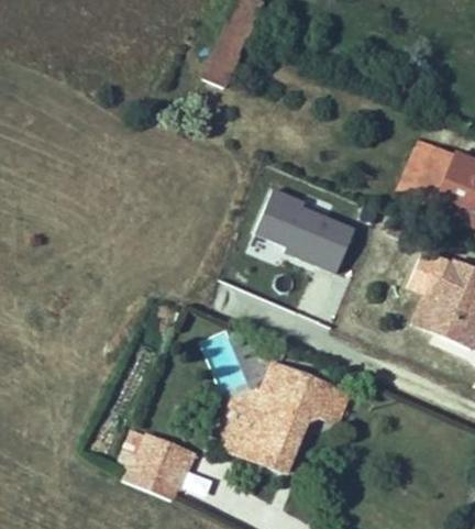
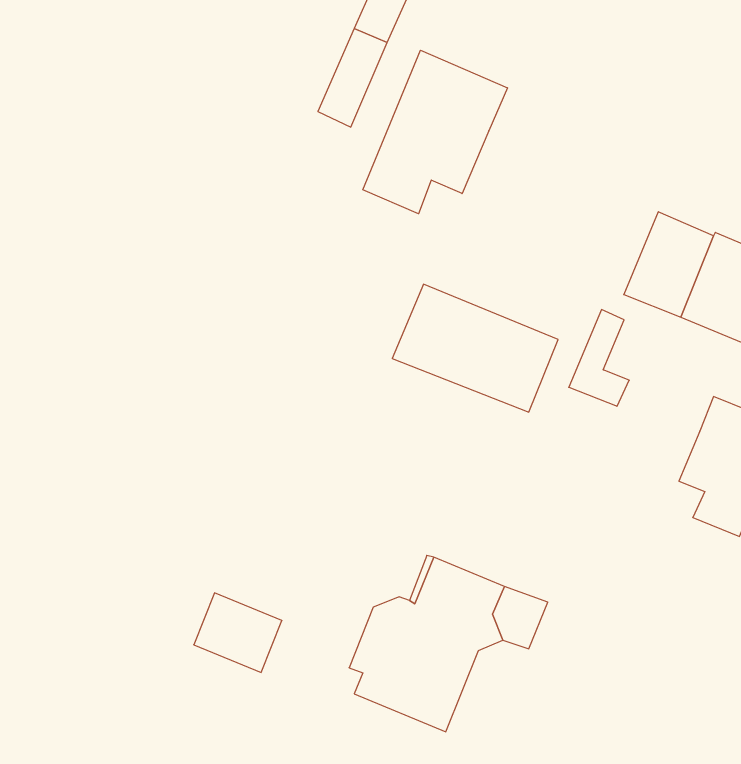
building: none -> [363,50,507,214]
building: [411,274,450,335] -> [569,310,629,406]
building: [134,434,190,485] -> [194,593,282,672]

